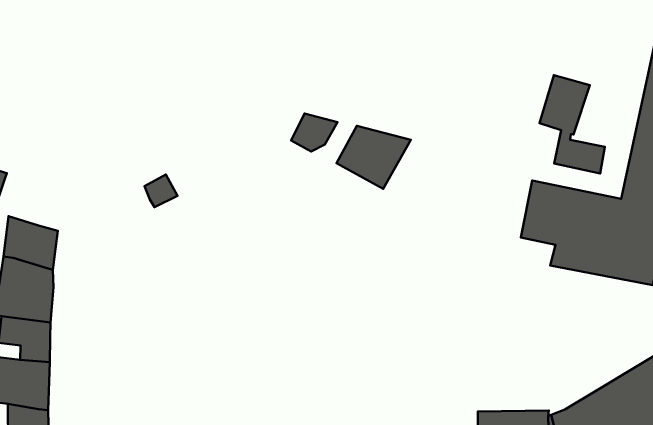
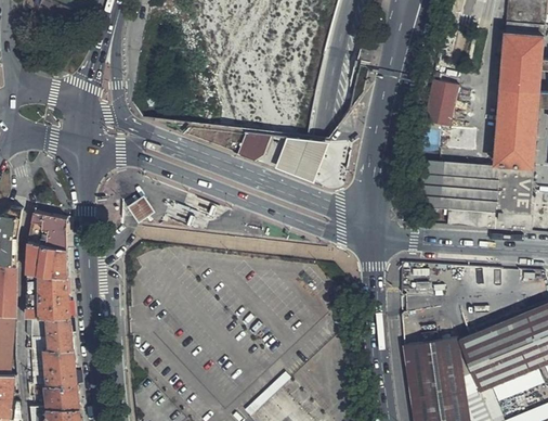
building: none -> [29,210,68,247]

